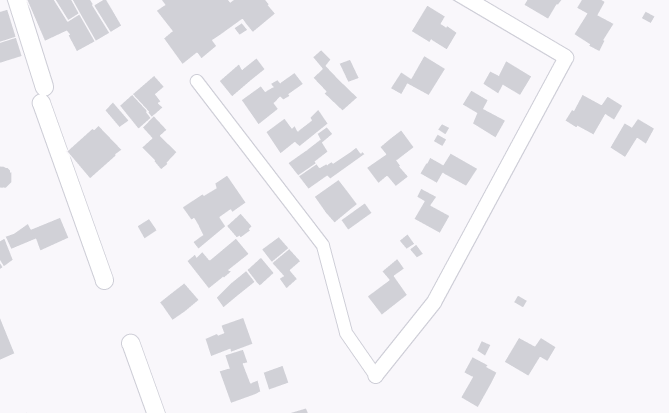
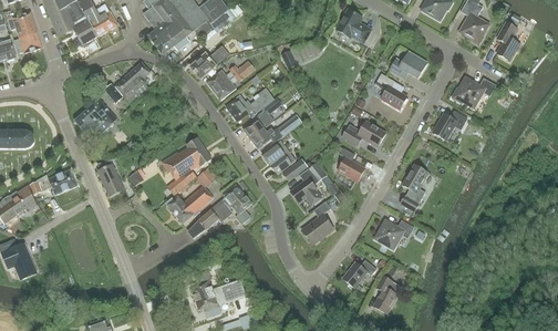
building: none -> [496,22,520,61]
building: [312,50,358,111] -> none
building: [390,55,446,96] -> none
building: [142,115,177,170] -> none
building: [610,118,655,158] -> [433,110,467,139]
building: [366,130,415,187] -> [290,162,327,205]
building: none -> [99,164,124,196]
building: none -> [400,164,427,211]
building: [159,283,199,321] -> none
building: [205,317,253,357] -> none
building: none -> [342,259,376,288]
building: [504,337,557,377] -> [374,219,414,249]

